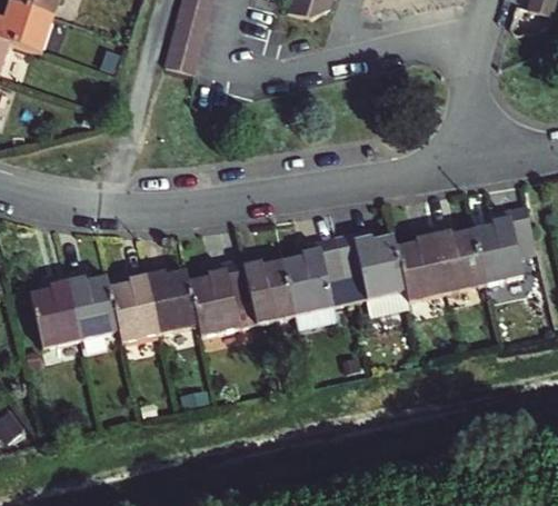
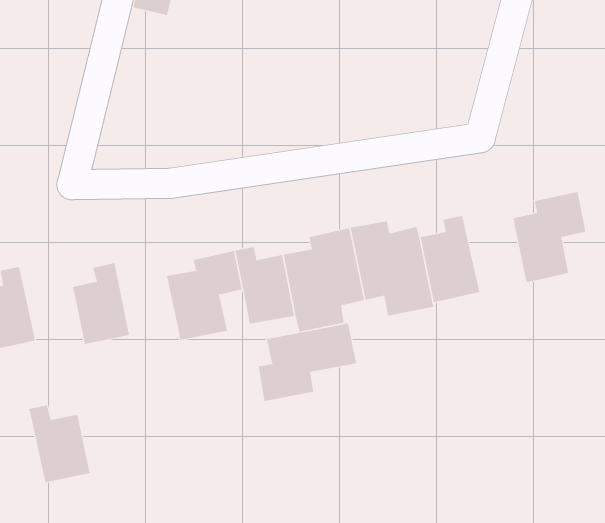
building: [437,227,489,294] -> none
building: [149,266,200,329] -> none
building: [70,269,121,334] -> [29,405,90,483]
building: none -> [258,323,357,402]

